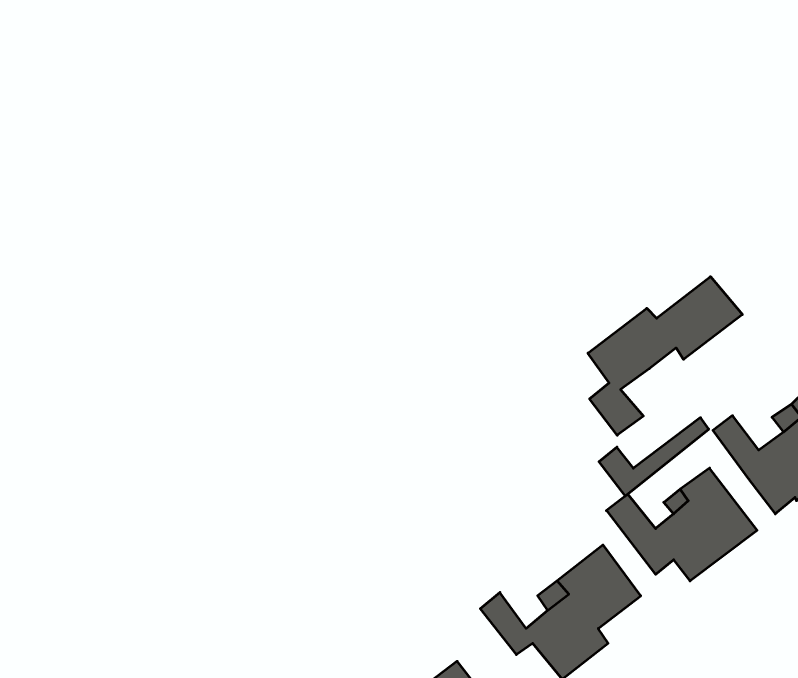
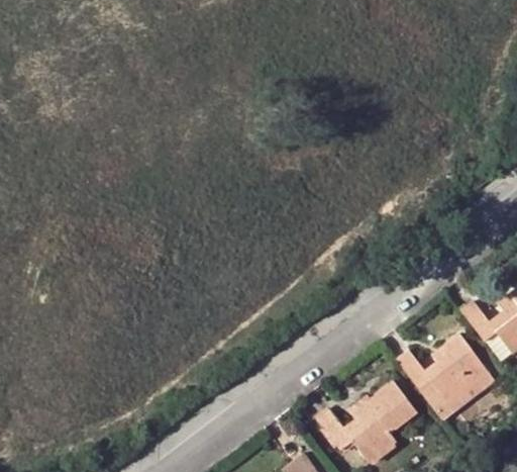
building: [588,277,742,435] -> none
building: [599,418,709,496] -> [426,372,494,420]

